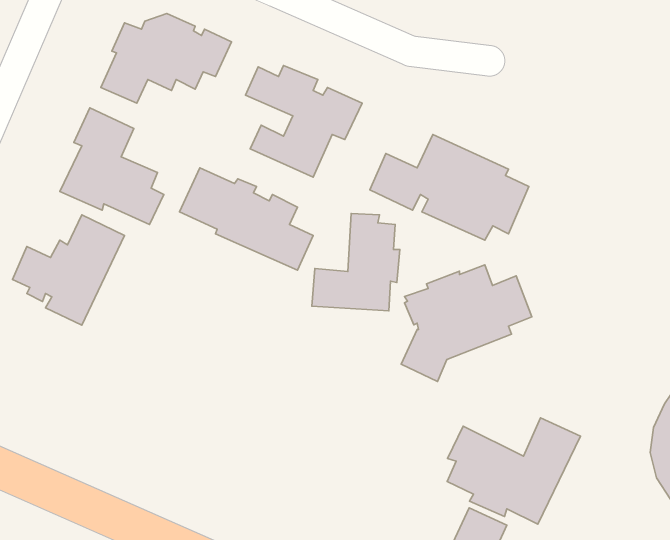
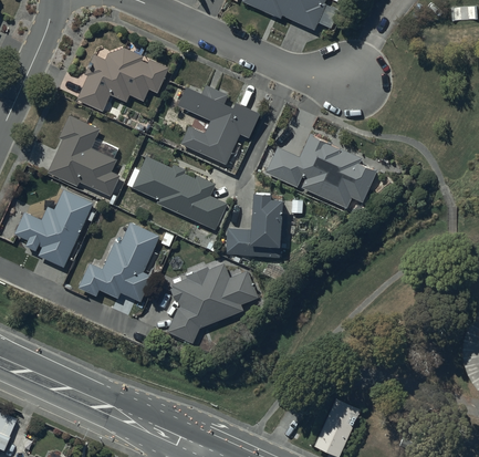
building: none -> [77,222,159,301]
building: [401,265,532,381] -> [167,261,259,343]
building: [447,418,580,524] -> none

